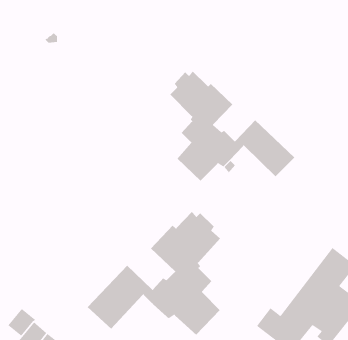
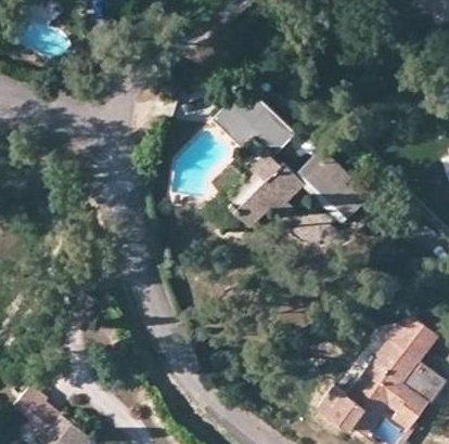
building: [87,211,221,336] -> none

